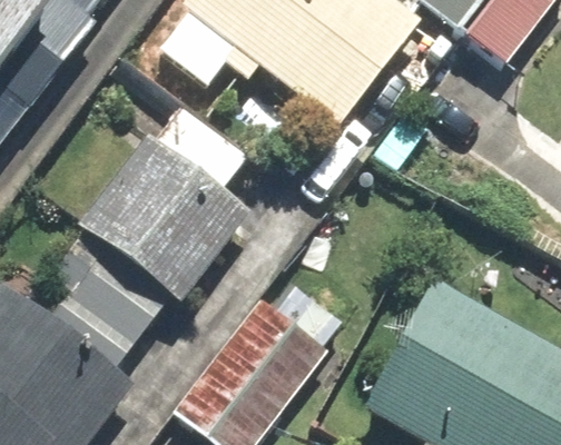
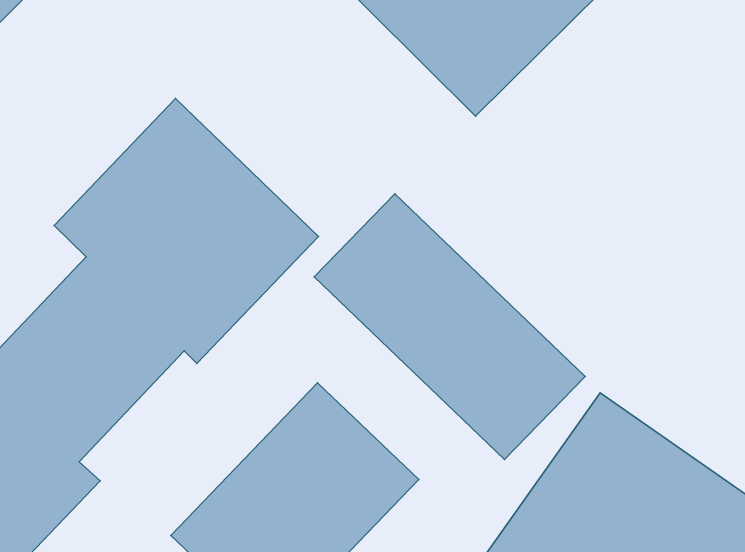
building: none -> [314,194,585,459]

